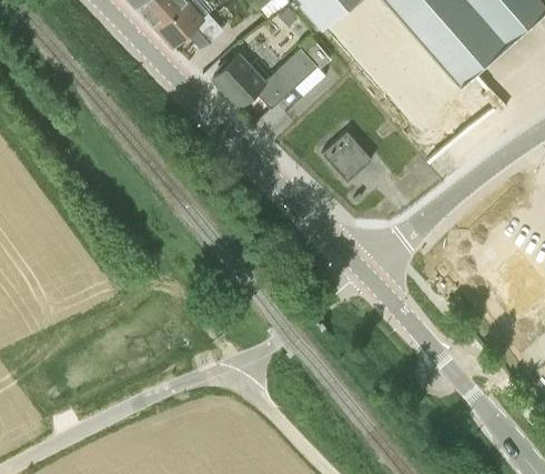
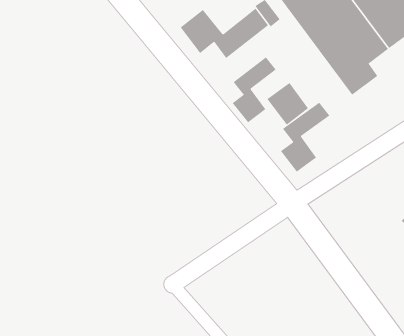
building: none -> [232,57,277,123]
building: none -> [280,102,330,173]

